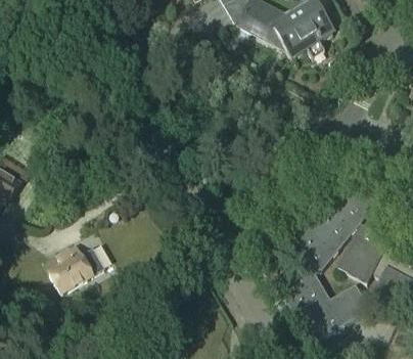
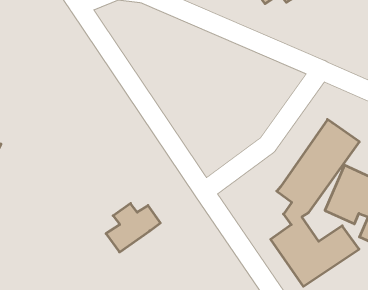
building: [48,244,103,293] -> [106,203,160,252]

